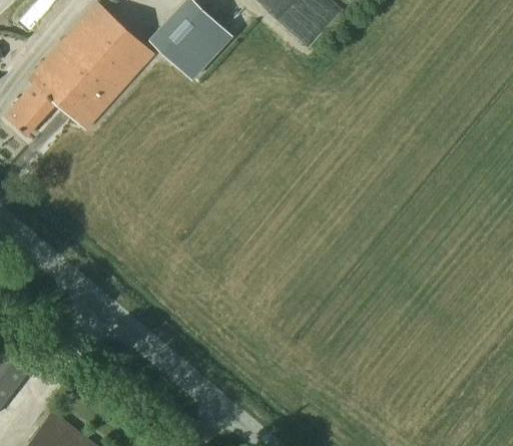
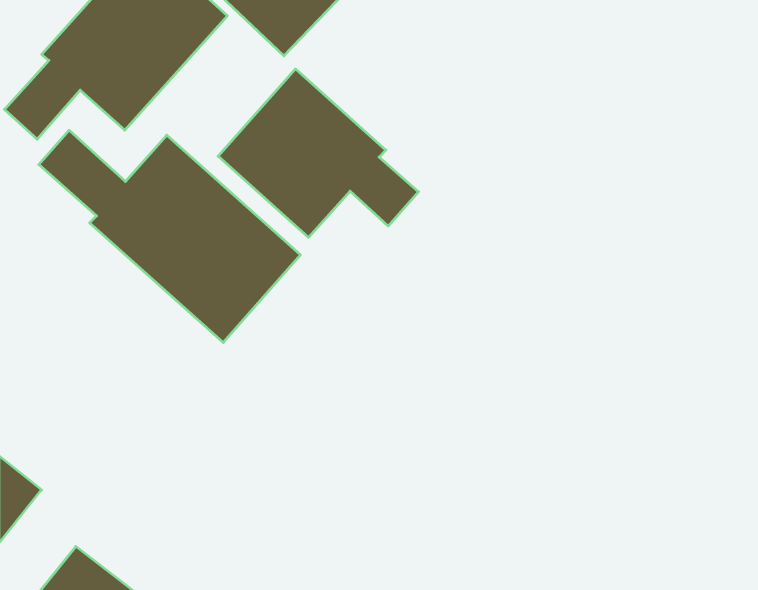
building: none -> [218,69,419,237]
building: none -> [39,130,300,343]

